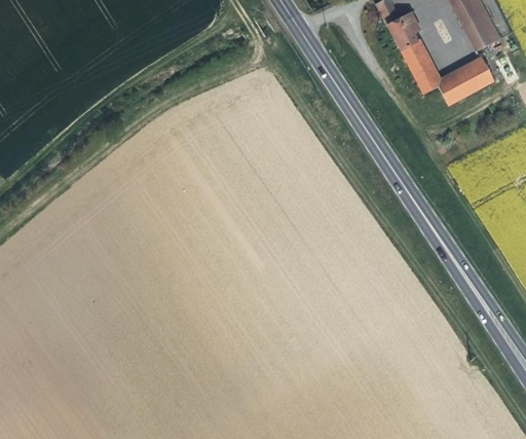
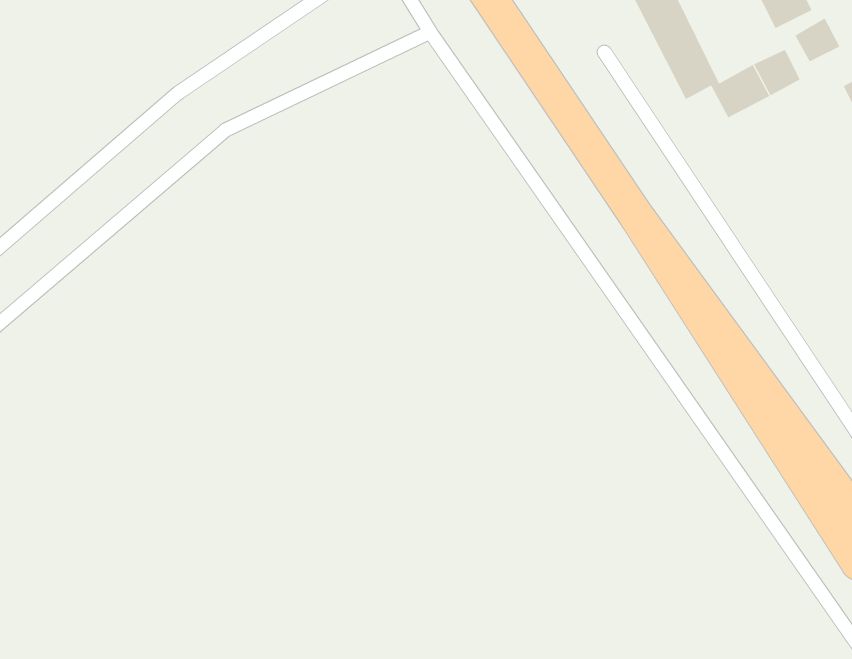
building: none -> [794,18,840,62]

